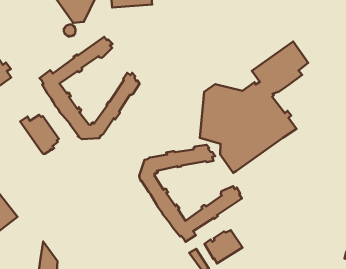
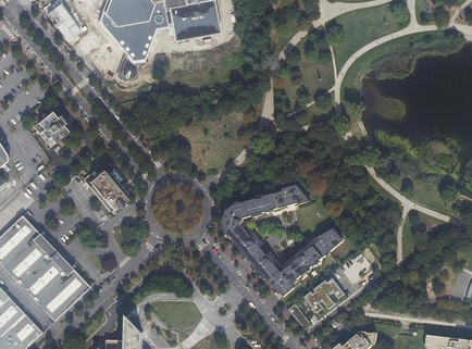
building: [40,37,139,139] -> none
building: [200,41,308,173] -> none

